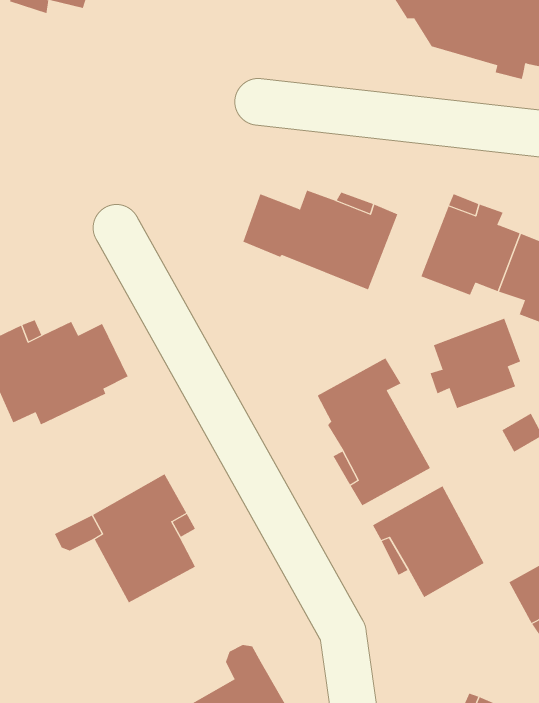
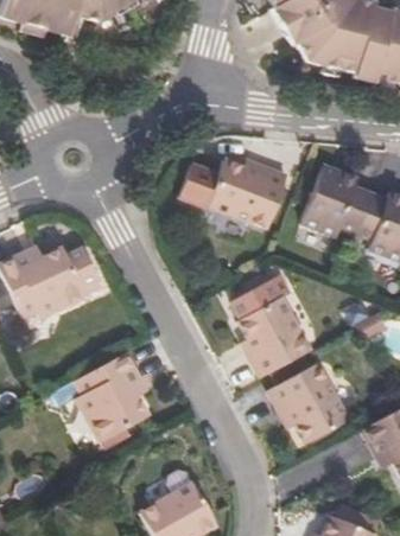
building: [430,318,521,409] -> none

